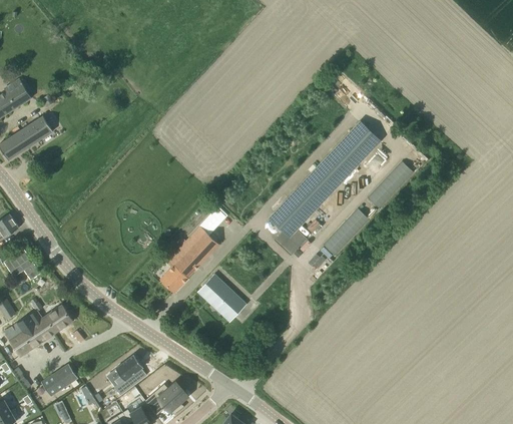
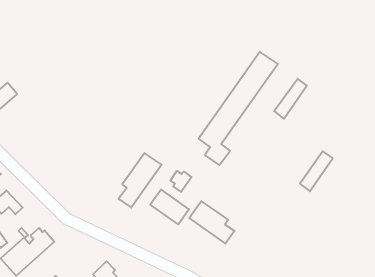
building: [324,208,369,256] -> [300,151,333,191]
building: none -> [170,171,191,192]
building: none -> [189,201,235,244]

